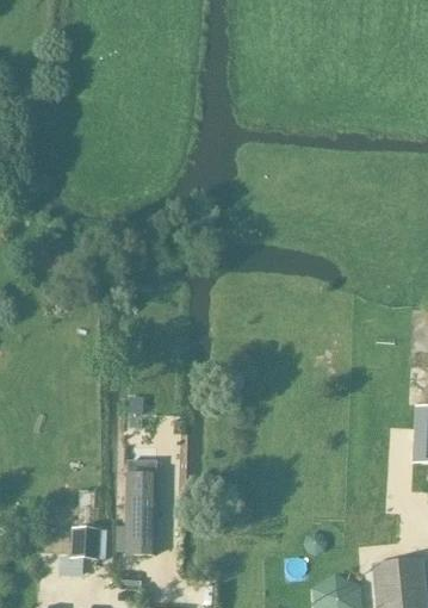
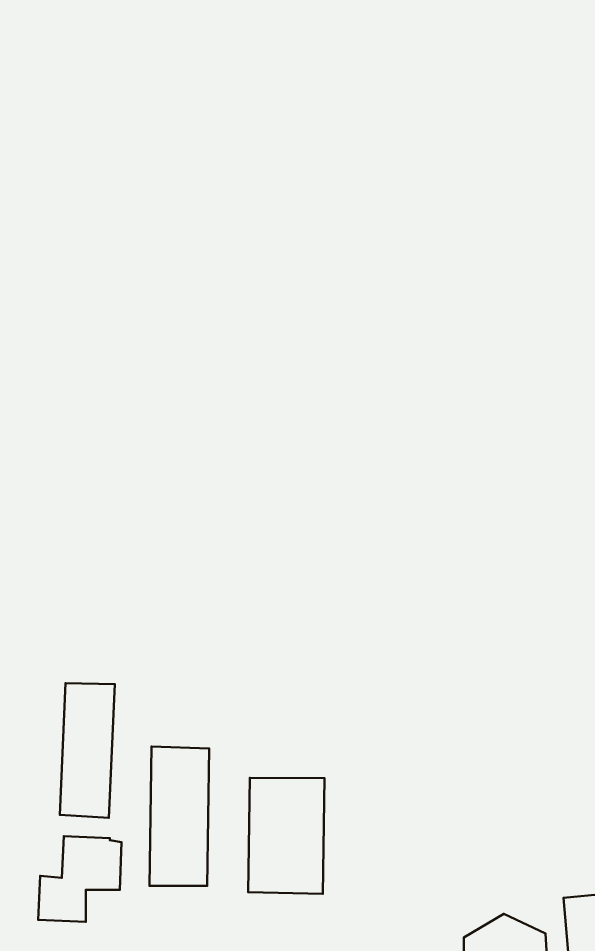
building: none -> [60,683,115,818]
building: none -> [248,778,324,894]

